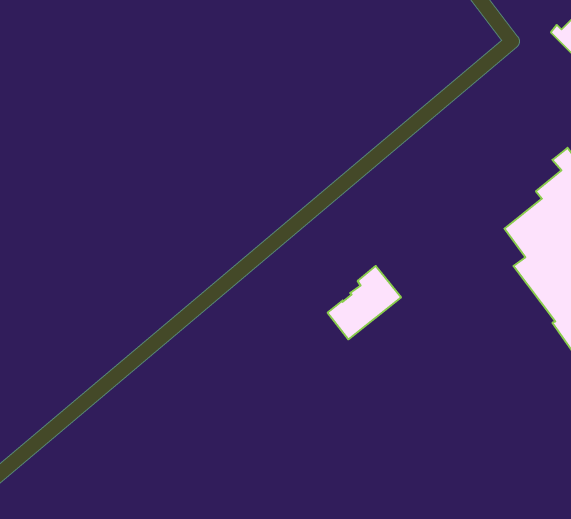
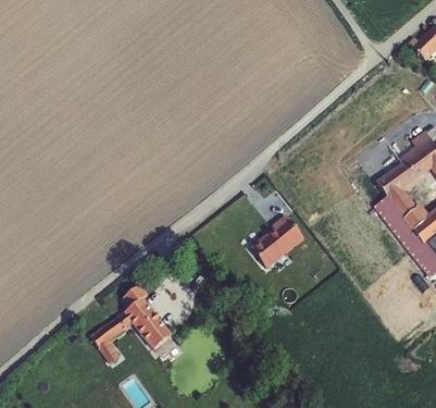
building: none -> [92,287,172,369]

